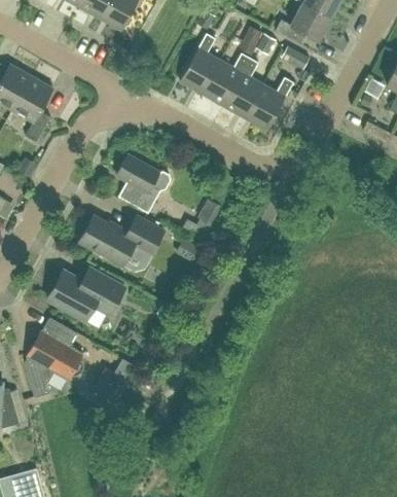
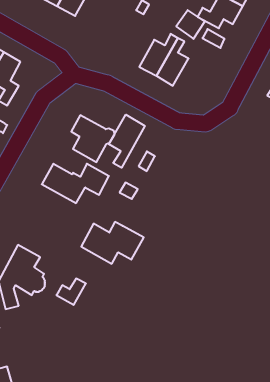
building: [179,33,220,94] -> none
building: [244,77,293,130] -> none
building: none -> [109,115,145,168]
building: [47,268,125,320] -> [81,222,144,264]

